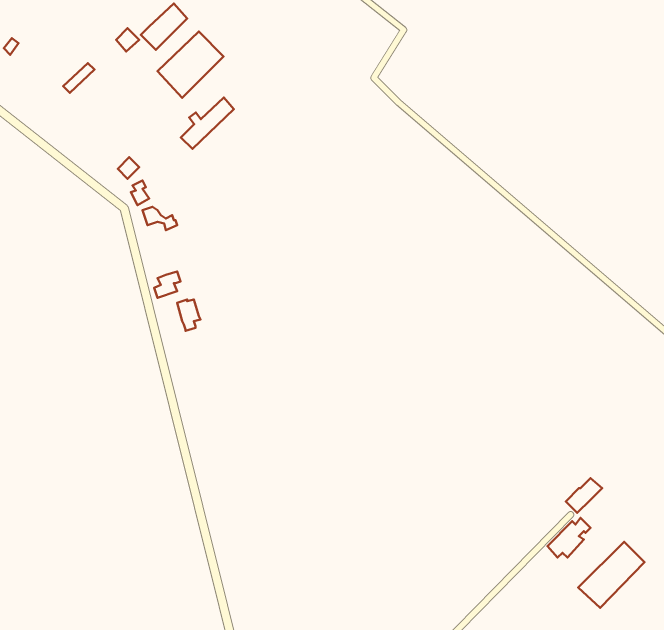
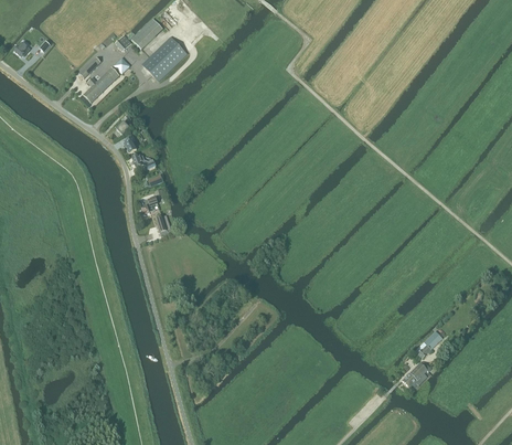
building: [181,98,234,149] -> [83,67,118,102]
building: [578,542,644,608] -> none

